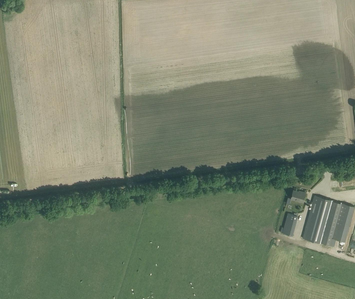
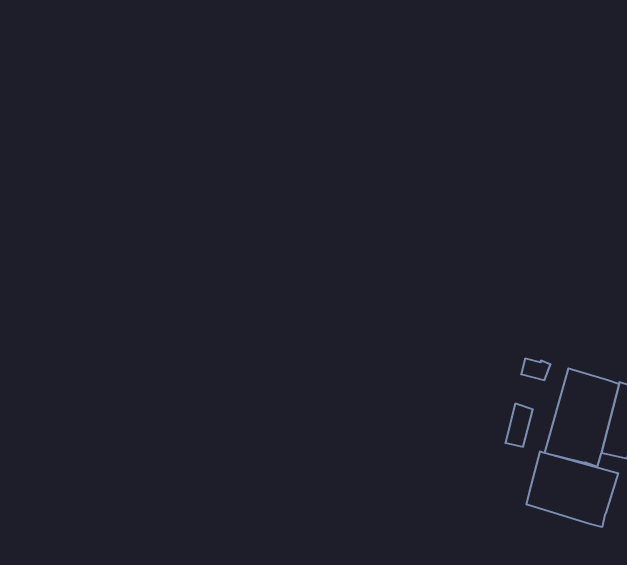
building: none -> [527,451,618,527]

